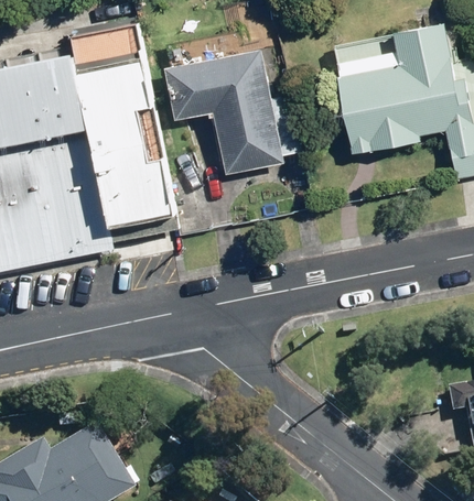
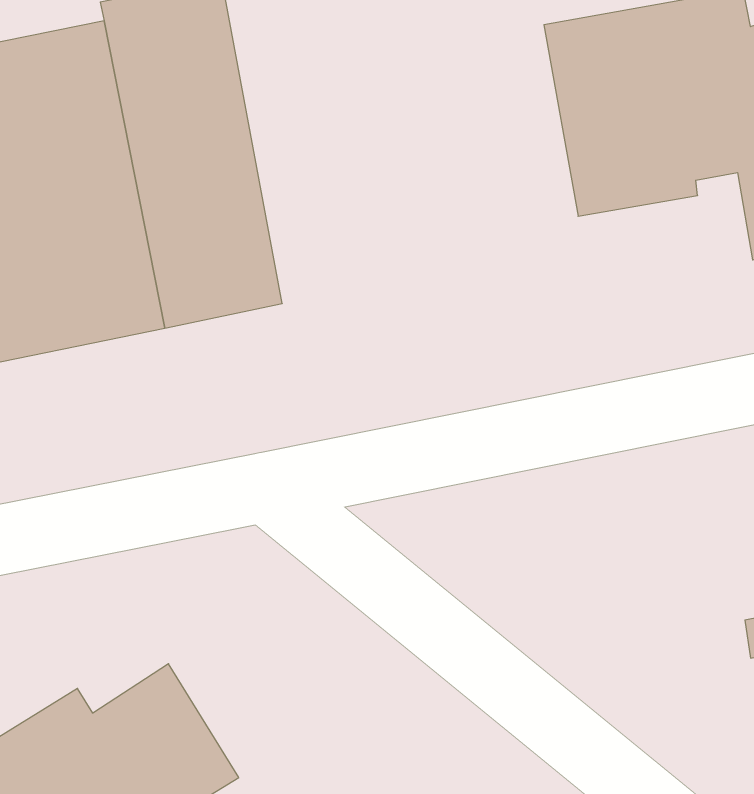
building: [154,56,304,179] -> none

